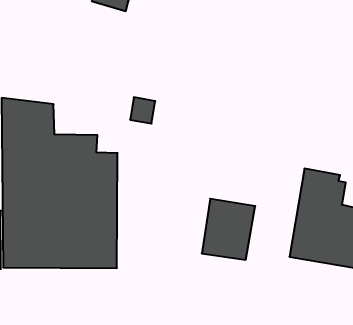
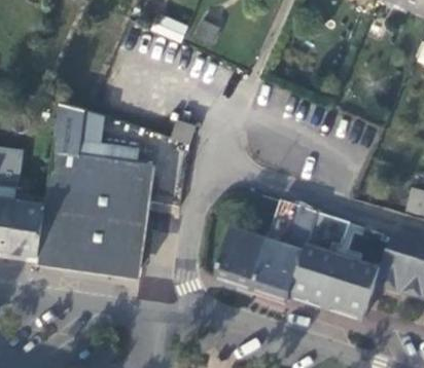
building: none -> [253,203,317,300]

